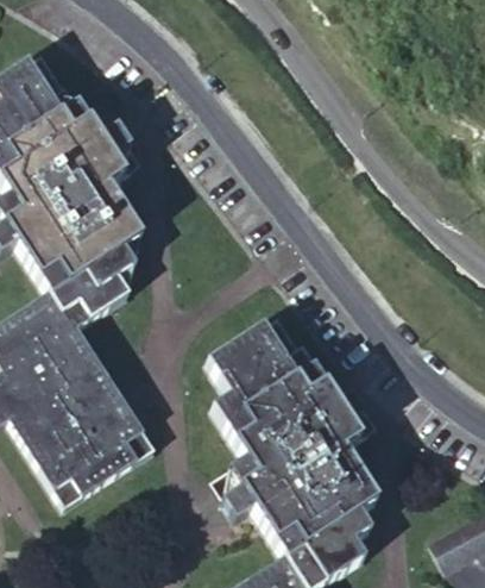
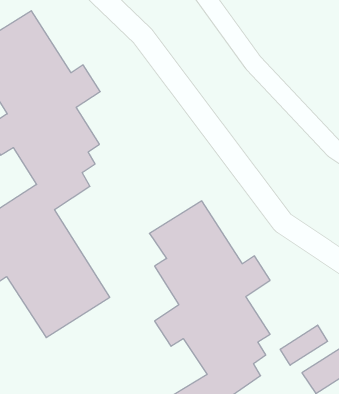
building: none -> [280,325,328,365]

